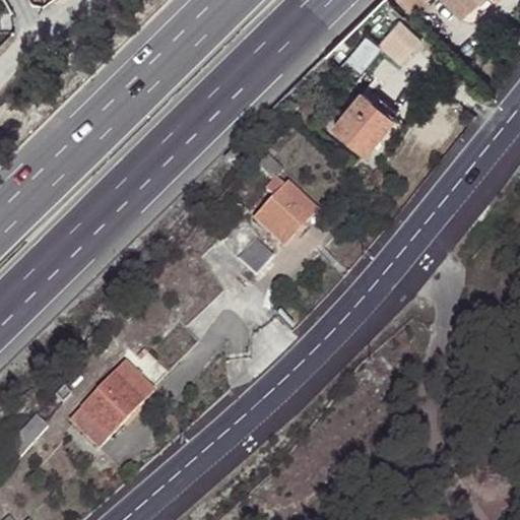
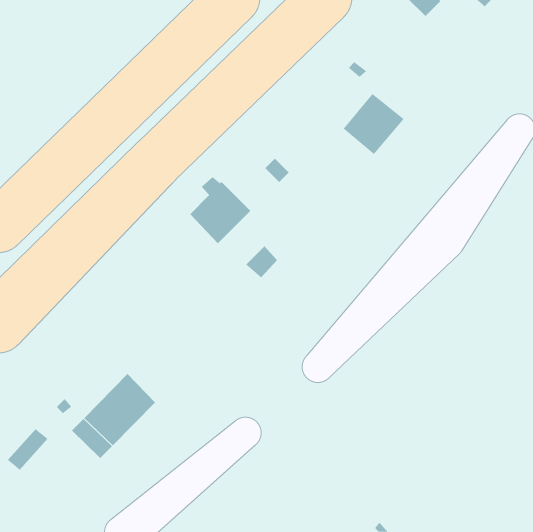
building: [379,20,419,61] -> none
building: [255,178,315,244] -> [189,176,251,244]

